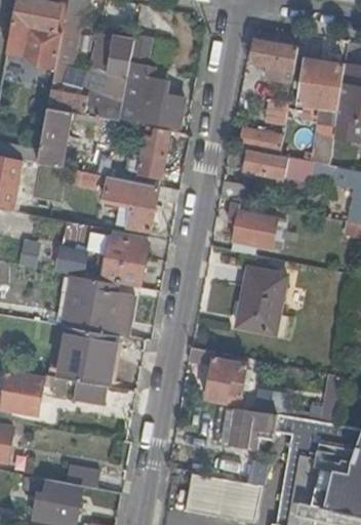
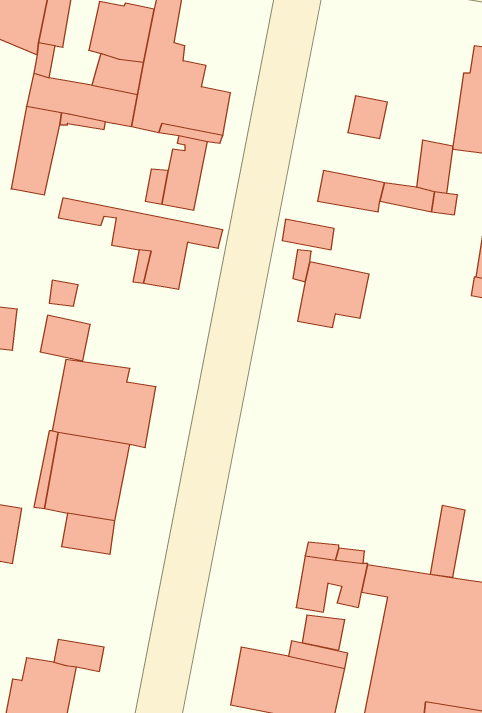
building: [251,41,298,82] -> none
building: [298,59,346,126] -> none
building: [238,128,284,156] -> none
building: [102,234,150,283] -> none
building: [237,269,287,335] -> none
building: [190,348,248,405] -> none

